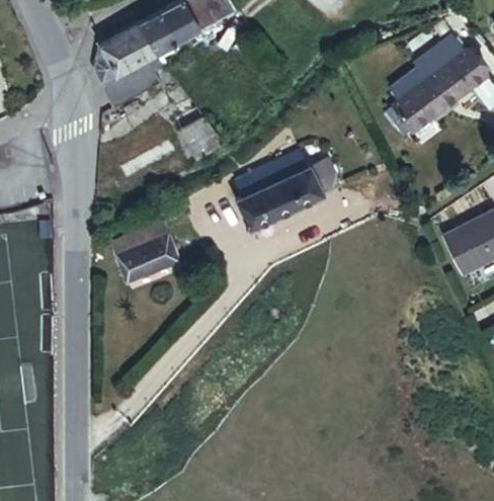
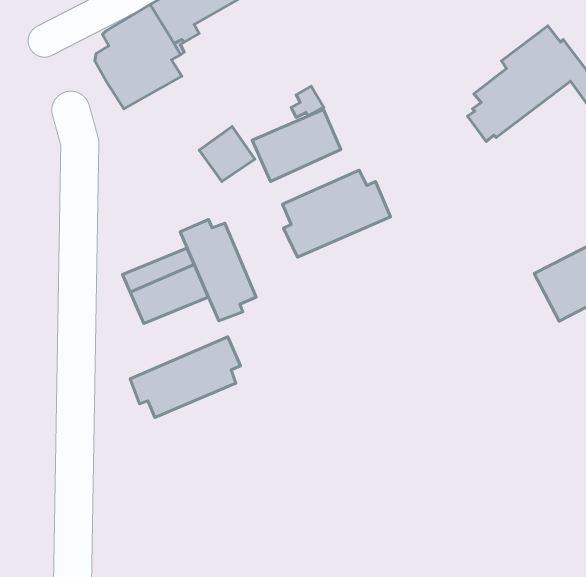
building: none -> [252,109,341,182]
building: none -> [180,219,256,321]
building: none -> [130,337,240,417]

